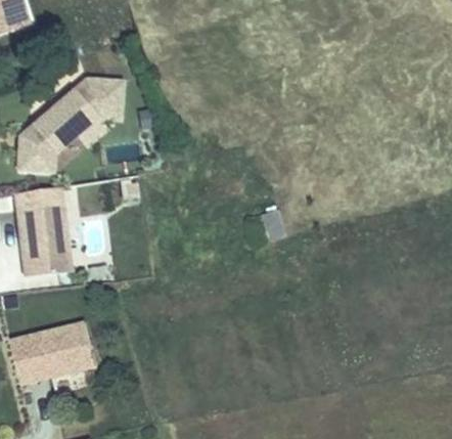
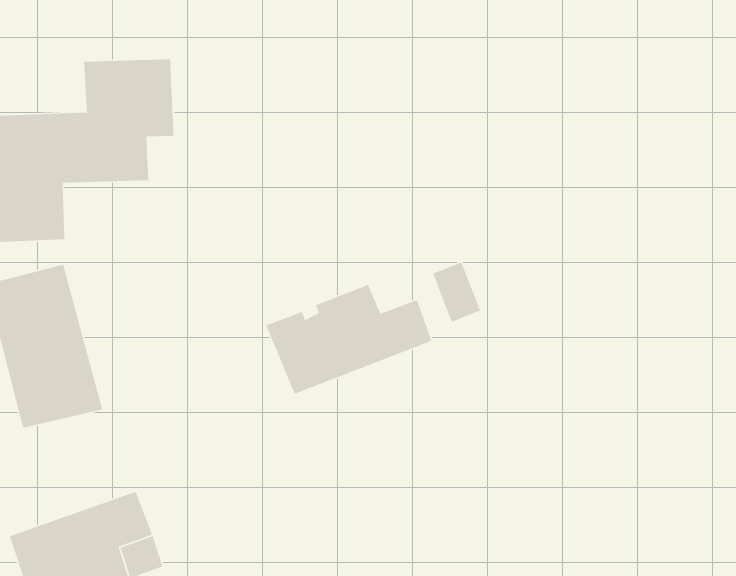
building: none -> [265,284,432,395]

